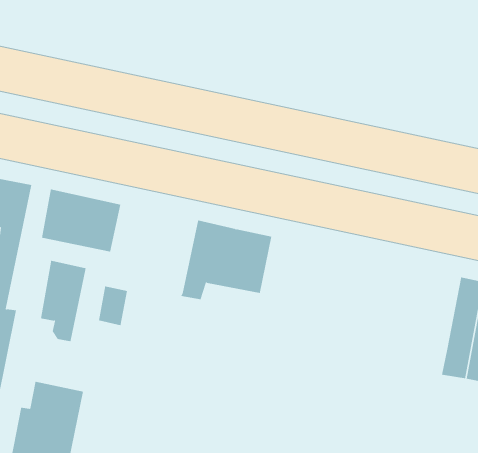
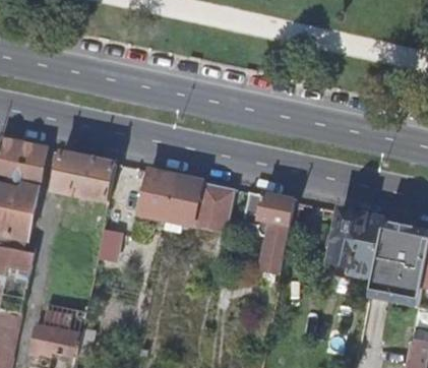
building: none -> [243,191,294,272]
building: [40,260,87,342] -> [139,169,176,233]
building: none -> [329,210,383,277]

